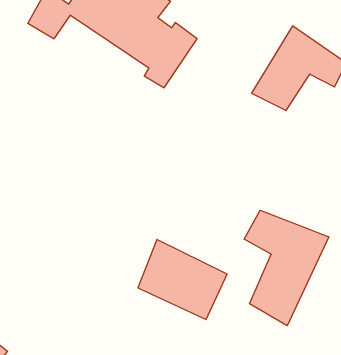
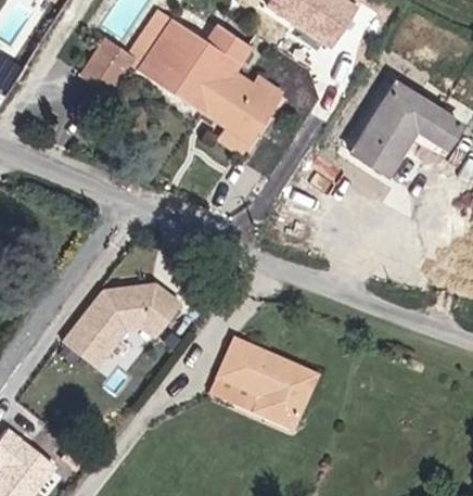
building: none -> [60,282,182,367]
building: [244,210,329,326] -> none

